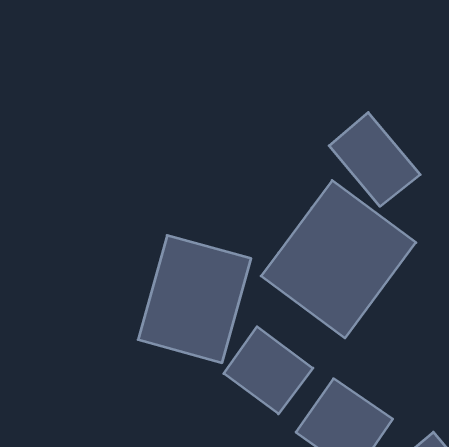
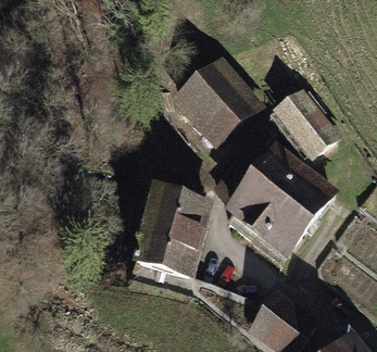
building: none -> [169,54,264,148]
building: [224,327,313,414] -> none

